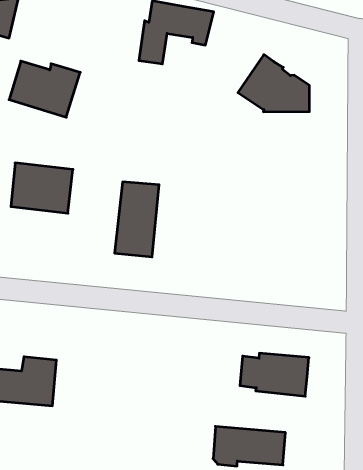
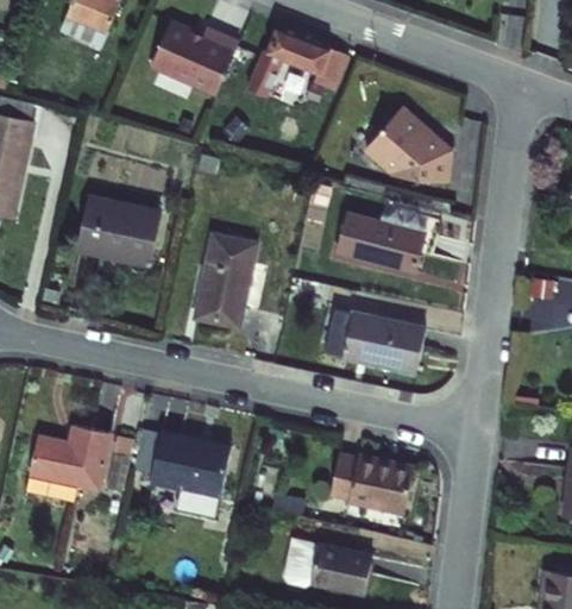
building: [9,61,80,117] -> [146,18,234,90]
building: none -> [335,207,423,264]
building: none -> [327,308,427,371]
building: none -> [152,435,232,515]

